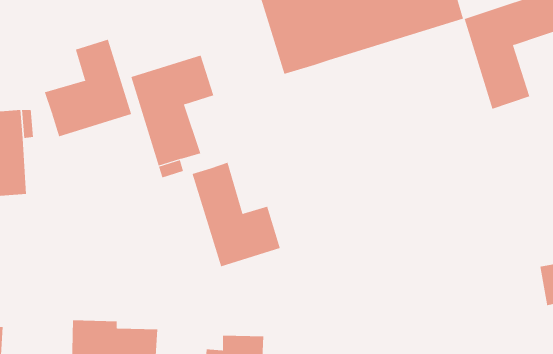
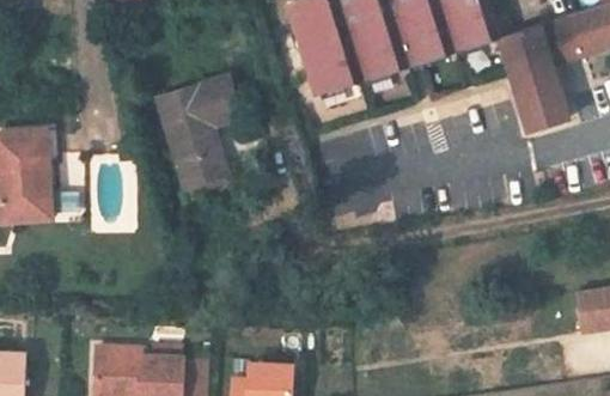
building: [44,39,132,137] -> none
building: [192,162,281,267] -> none

